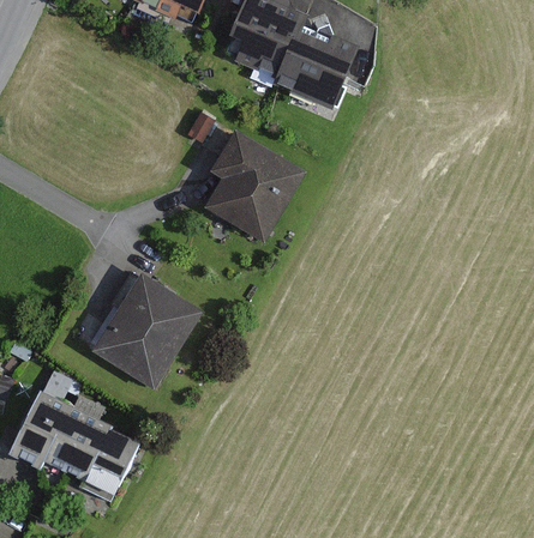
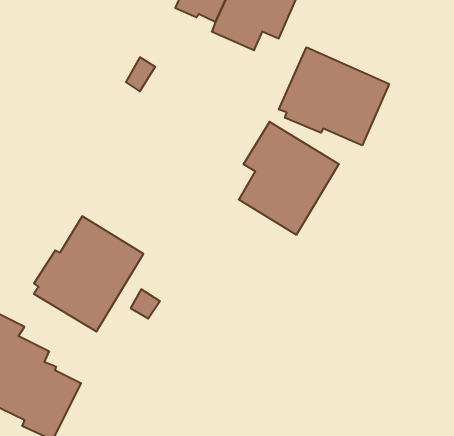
building: none -> [279,47,389,145]
building: [203,128,305,243] -> [239,122,339,235]

